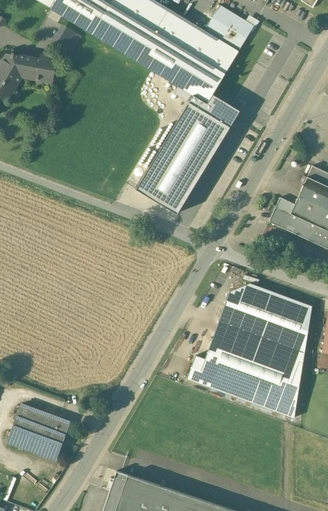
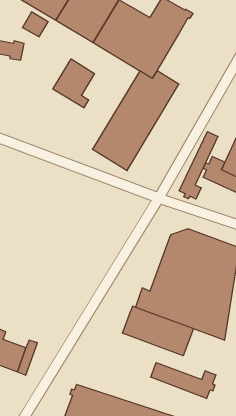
building: none -> [53,59,94,108]
building: none -> [179,132,218,199]
building: none -> [122,306,194,356]
building: none -> [151,363,216,399]

